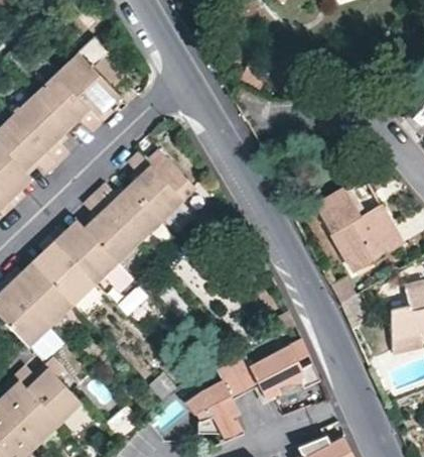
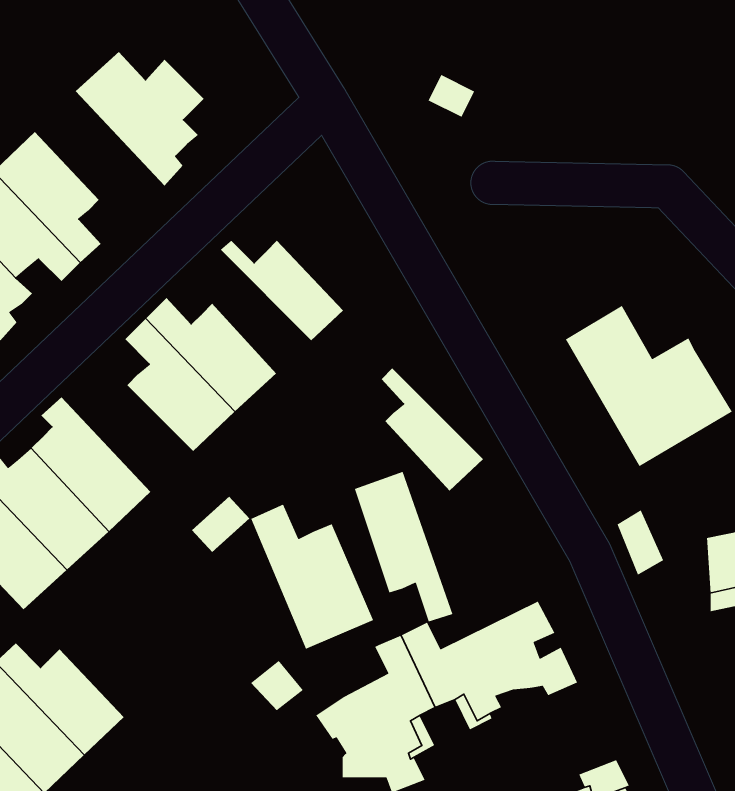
building: [34,73,103,133] -> none
building: [126,156,180,222] -> [381,368,484,492]
building: [48,219,118,284] -> none
building: none -> [354,471,454,623]
building: none -> [250,504,374,650]

